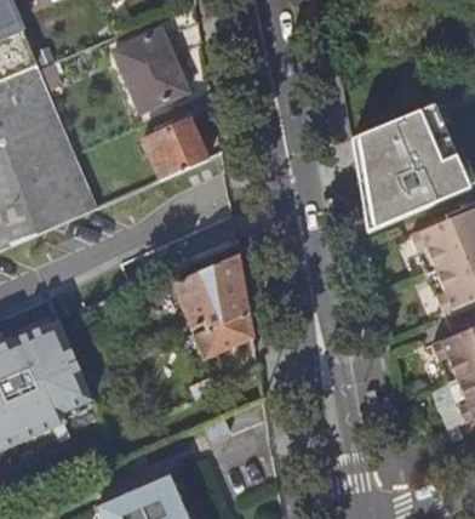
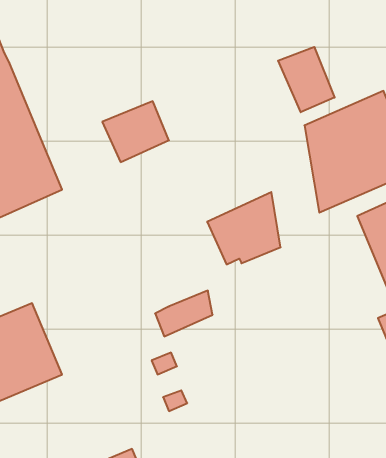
building: [114,32,187,113] -> none
building: none -> [278,47,335,112]
building: [173,253,251,330] -> [207,192,281,264]

